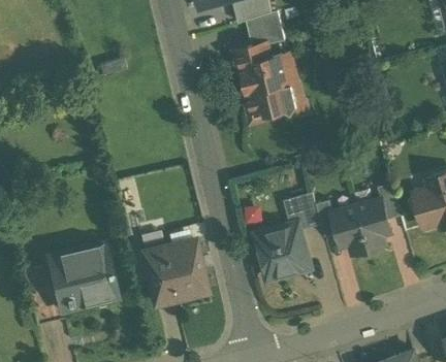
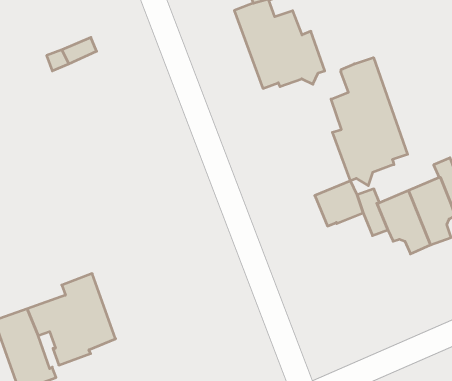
building: none -> [331,58,408,186]
building: [257,224,310,279] -> none
building: [137,241,208,305] -> none

